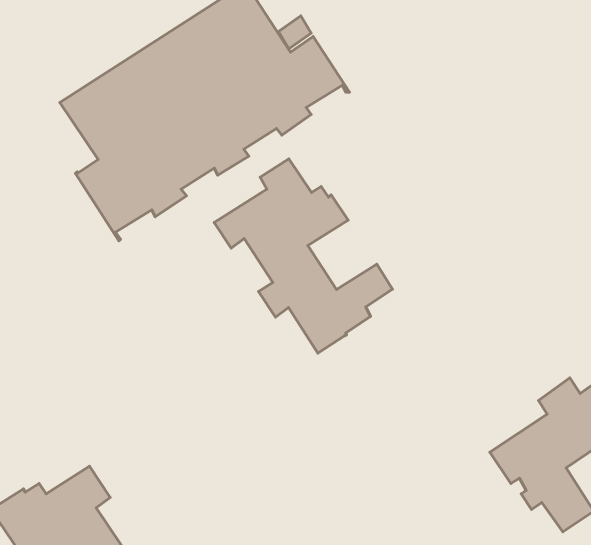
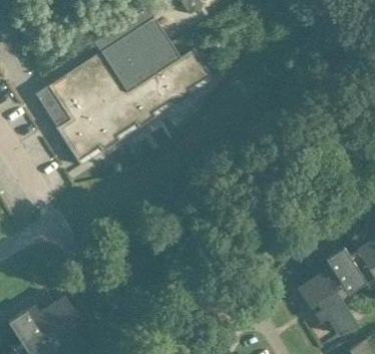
building: [214,159,393,353] -> none

